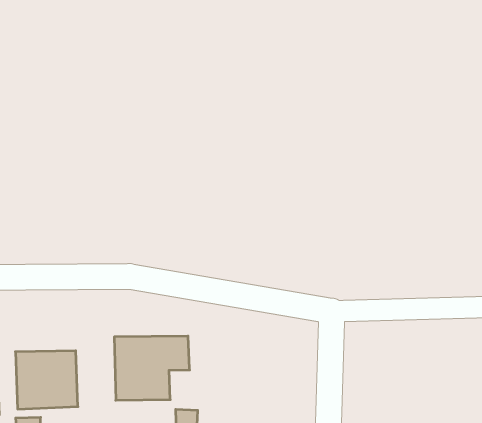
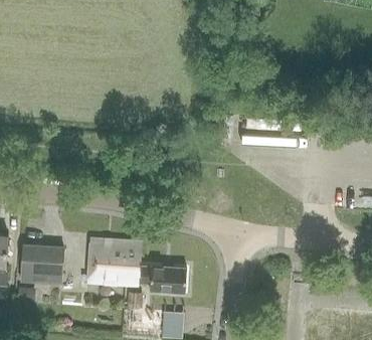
building: none -> [124,266,186,294]

